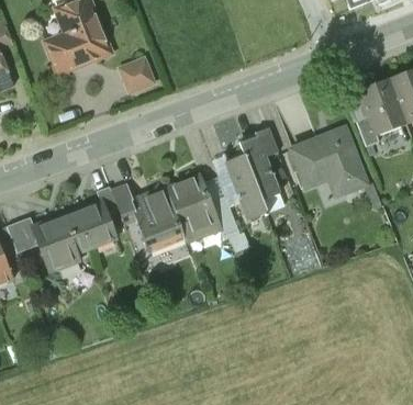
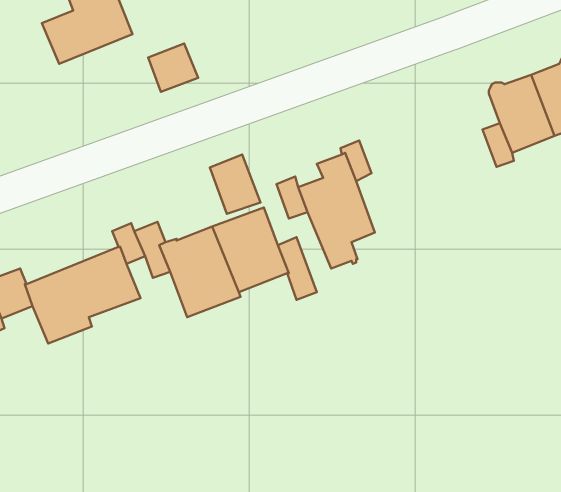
building: [291,128,366,192] -> none
building: none -> [210,154,261,214]

